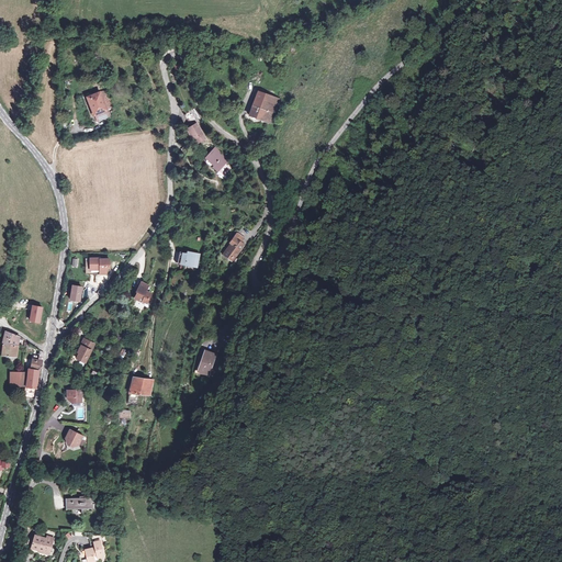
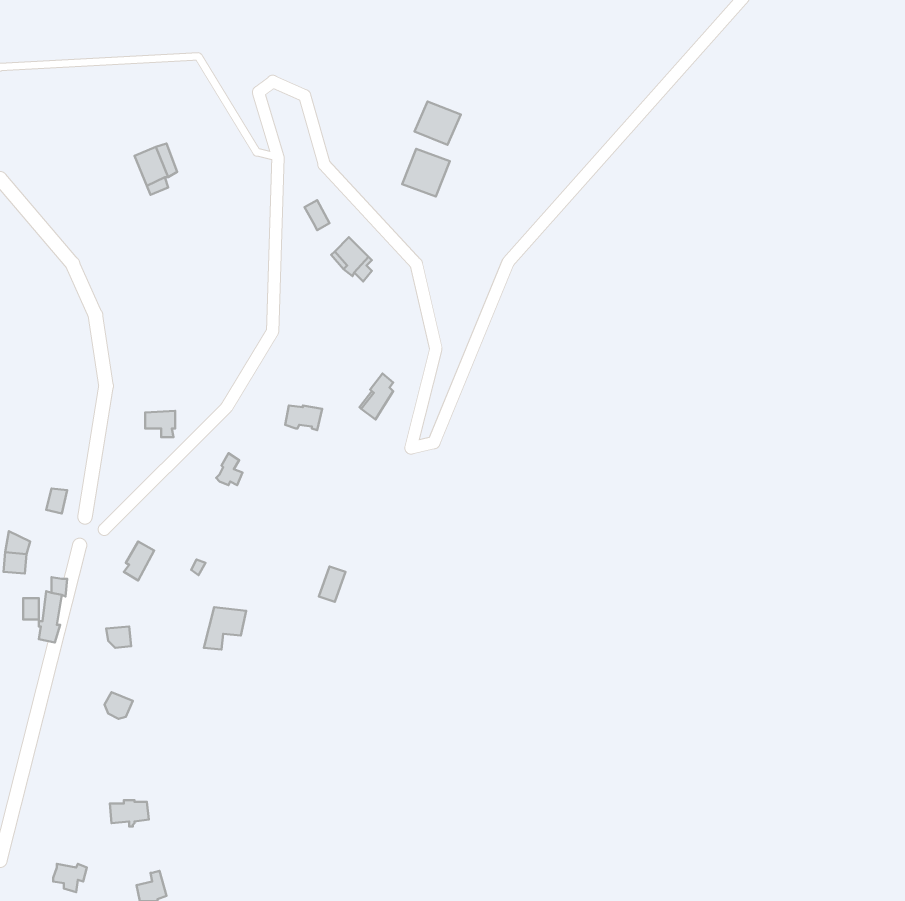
building: none -> [415,101,461,145]

